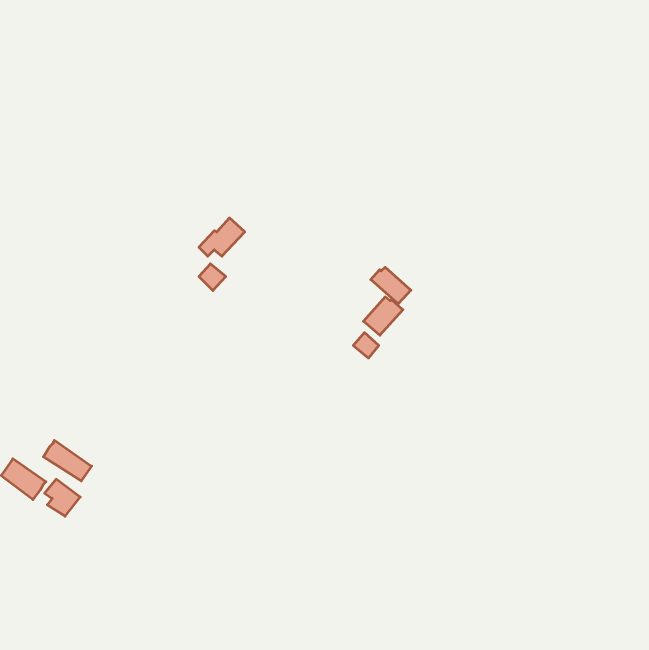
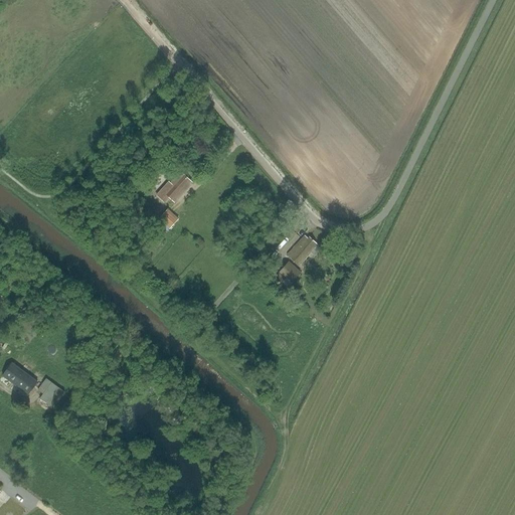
building: [371,267,411,304] -> none
building: [43,440,92,481] -> none

